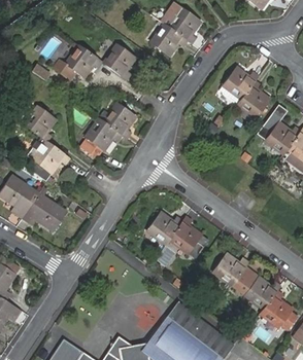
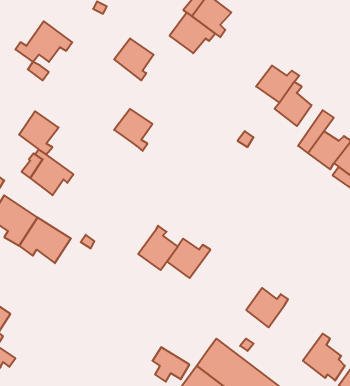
building: [55,44,102,78] -> [15,21,72,62]
building: [78,118,121,158] -> none
building: [168,216,201,253] -> [138,226,178,270]
building: [231,266,279,309] -> none

